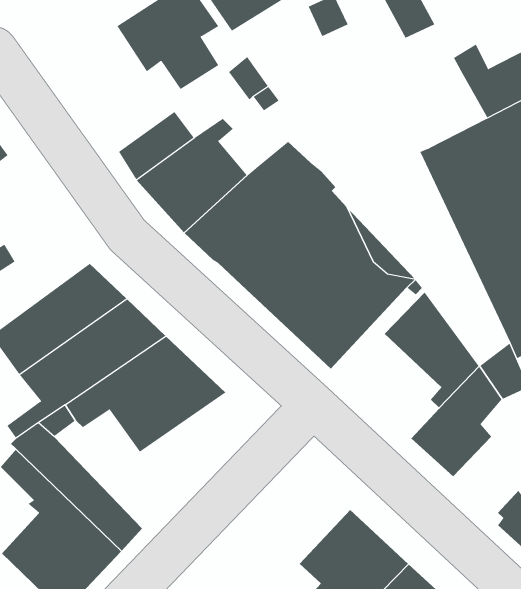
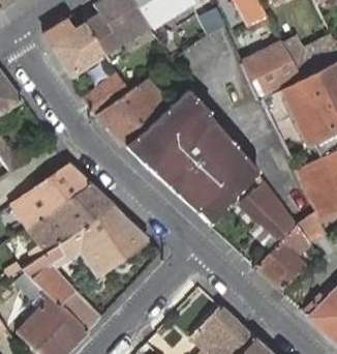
building: none -> [45,21,102,72]
building: none -> [242,42,300,98]

